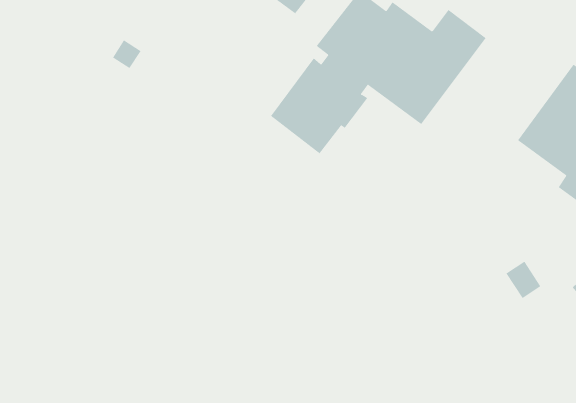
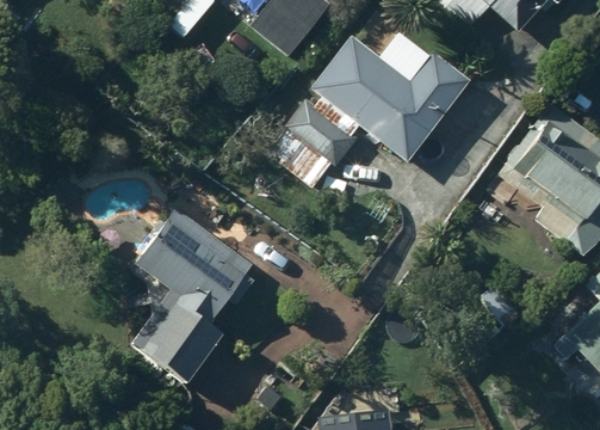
building: none -> [129,209,253,386]

